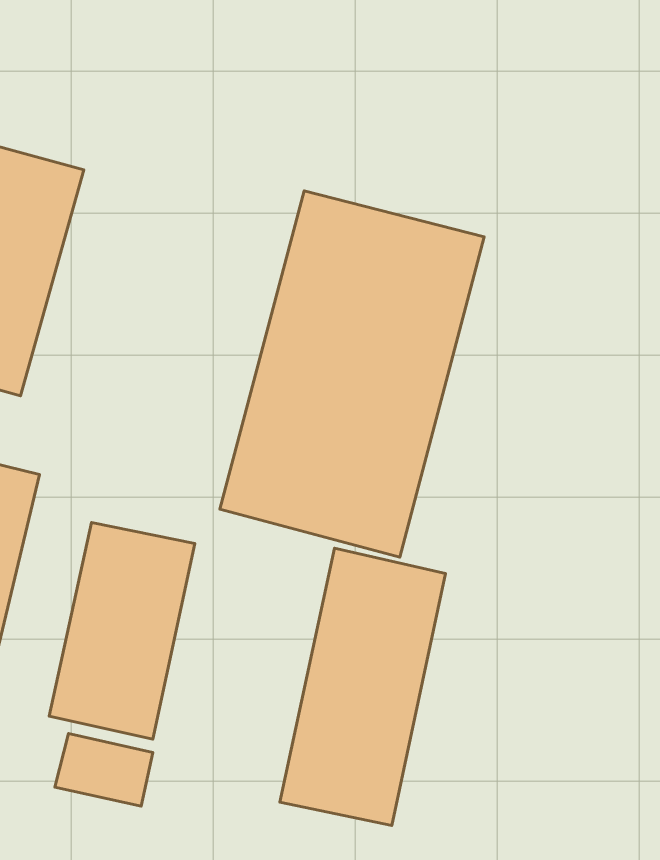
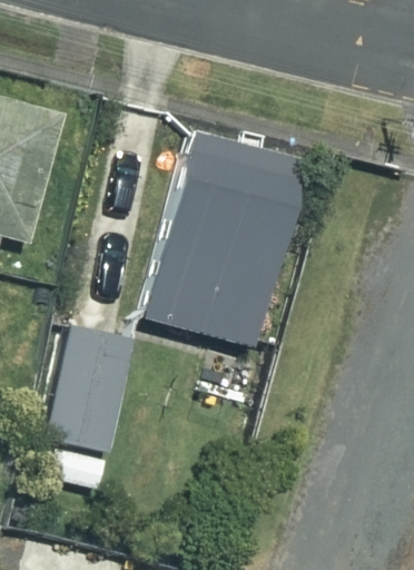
building: [280,548,446,825] -> none

